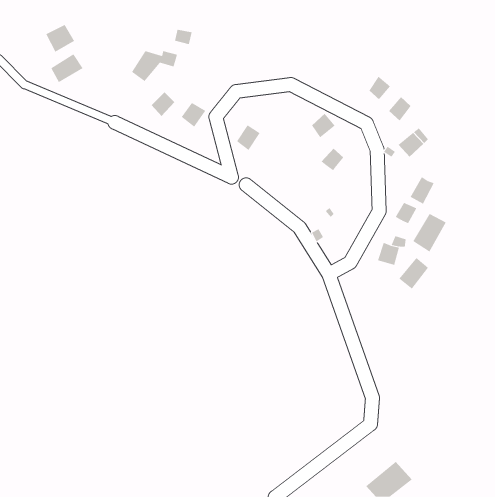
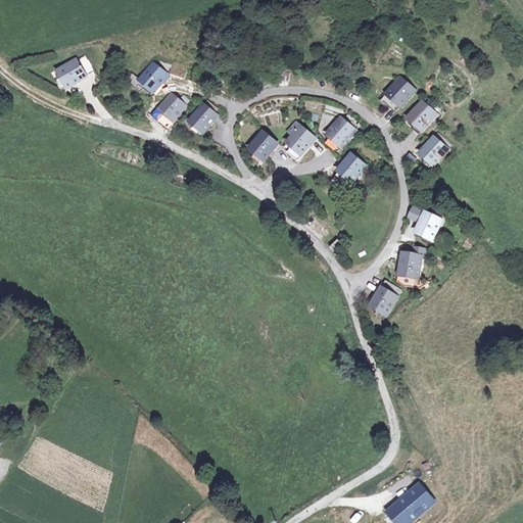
building: [46,24,75,52] -> none
building: none -> [283,120,314,158]
building: [410,176,434,204] -> none
building: [412,213,446,252] -> none
building: [399,257,429,289] -> [366,281,397,315]

